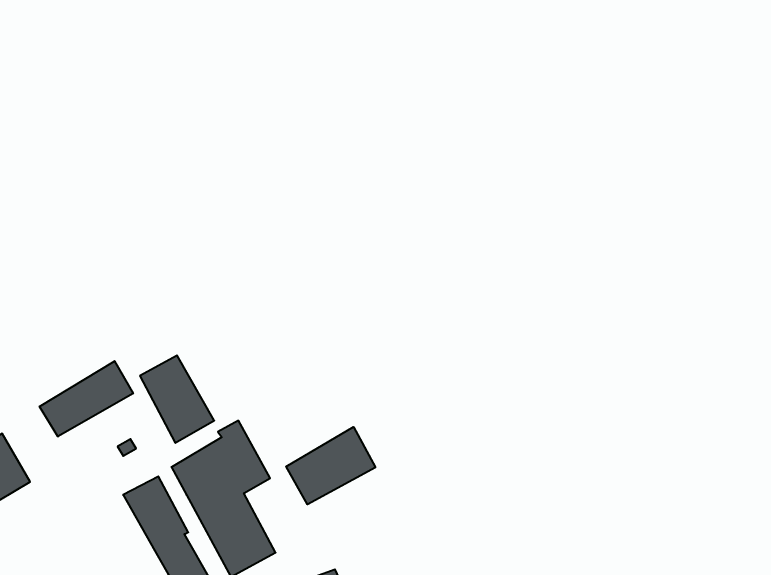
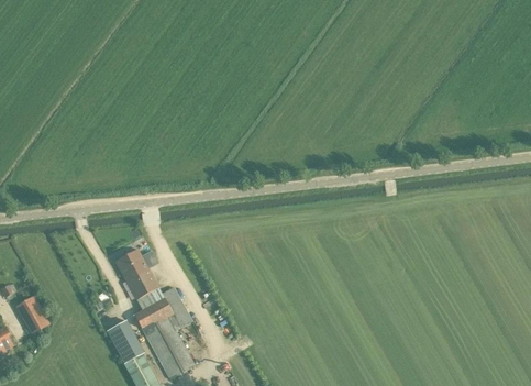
building: [40,361,133,437] -> none
building: [286,427,375,504] -> none

